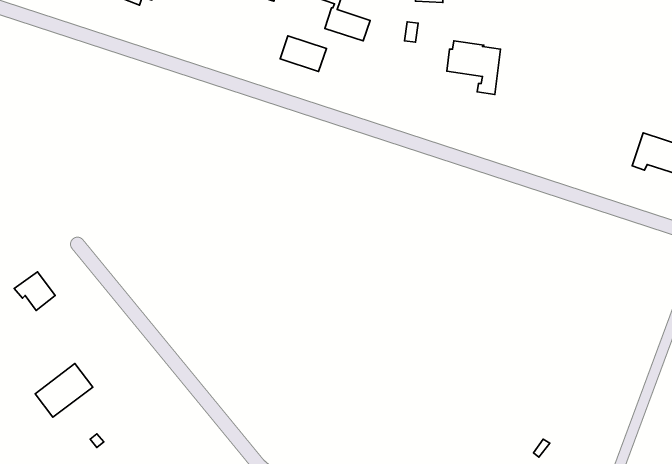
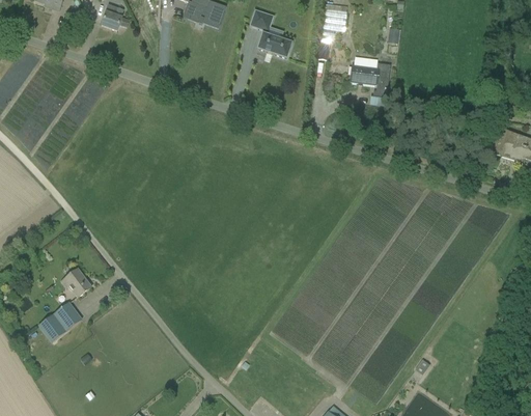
building: [280,36,326,72] -> none
building: [14,272,55,310] -> [60,268,91,297]

